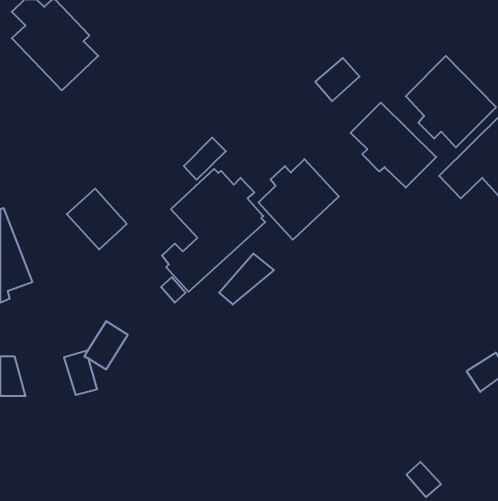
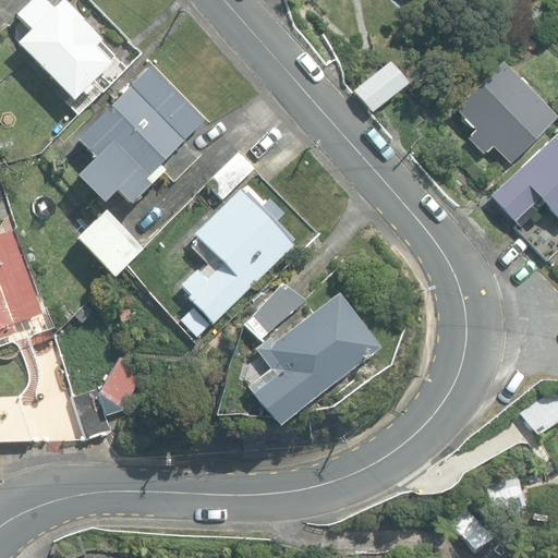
building: none -> [75,64,204,203]
building: [351,103,436,188] -> none
building: [258,159,339,240] -> none
building: none -> [250,292,381,424]

